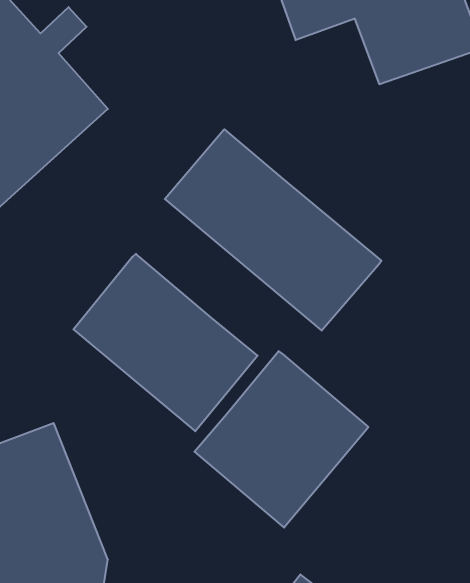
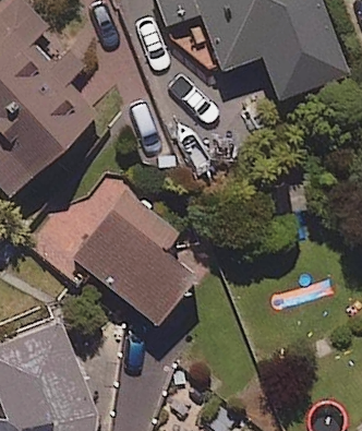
building: [165,129,381,331] -> none
building: [194,351,368,528] -> none

